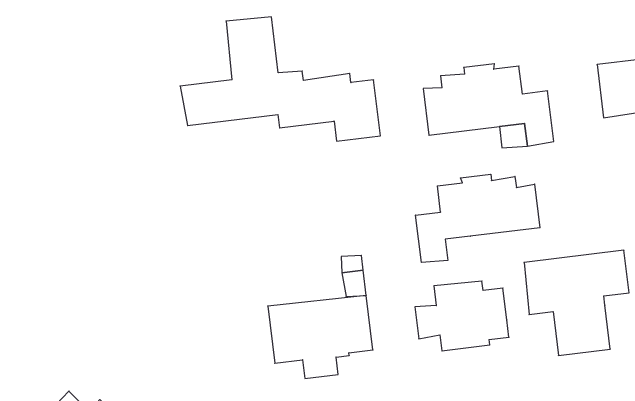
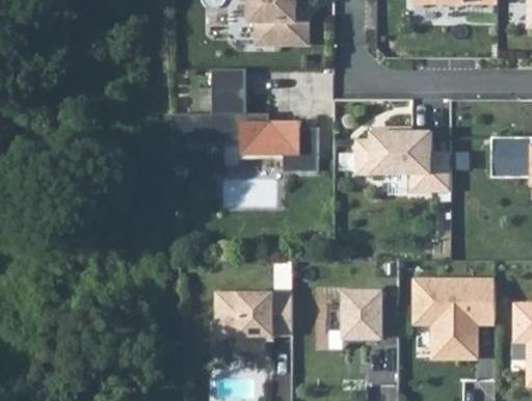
building: [416,174,540,262] -> none

